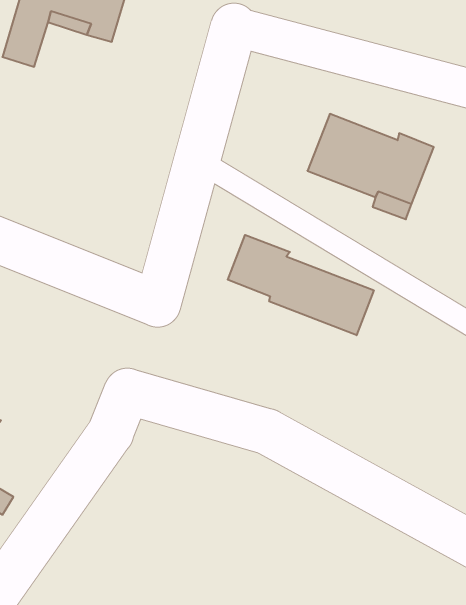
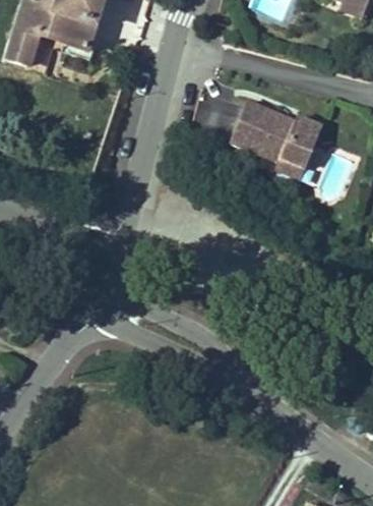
building: [228,235,374,335] -> none

